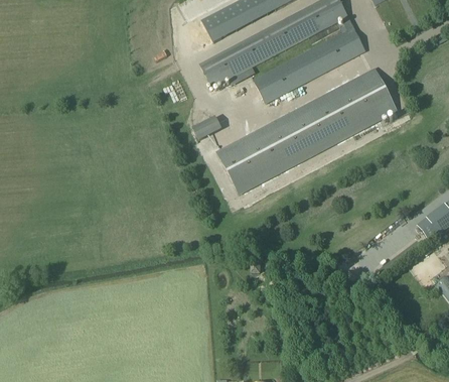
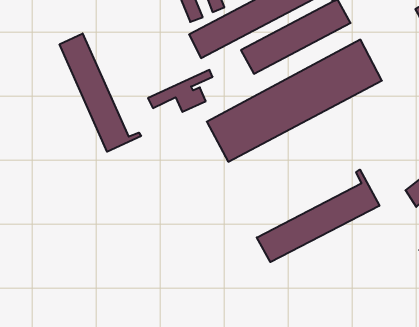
building: none -> [60,33,141,152]
building: none -> [257,170,379,262]

